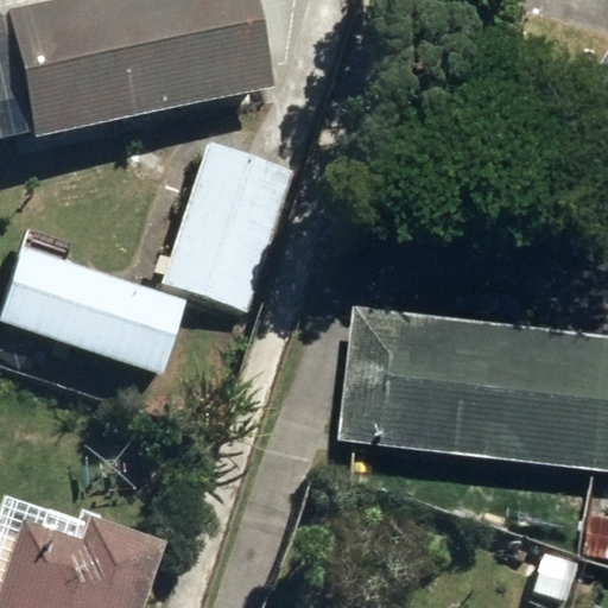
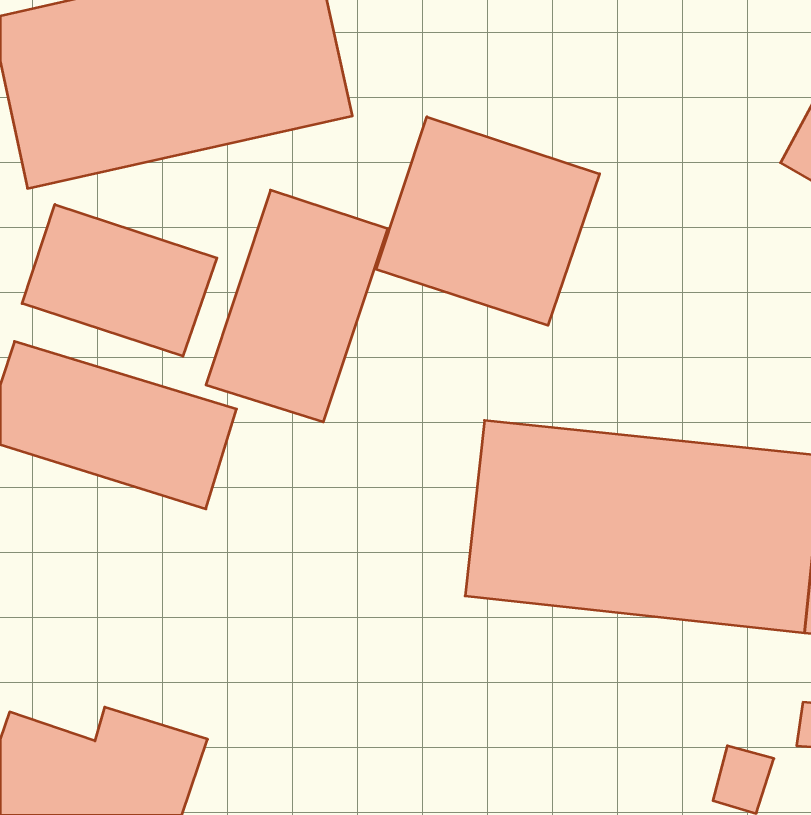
building: none -> [376,117,600,325]
building: none -> [22,204,217,356]

